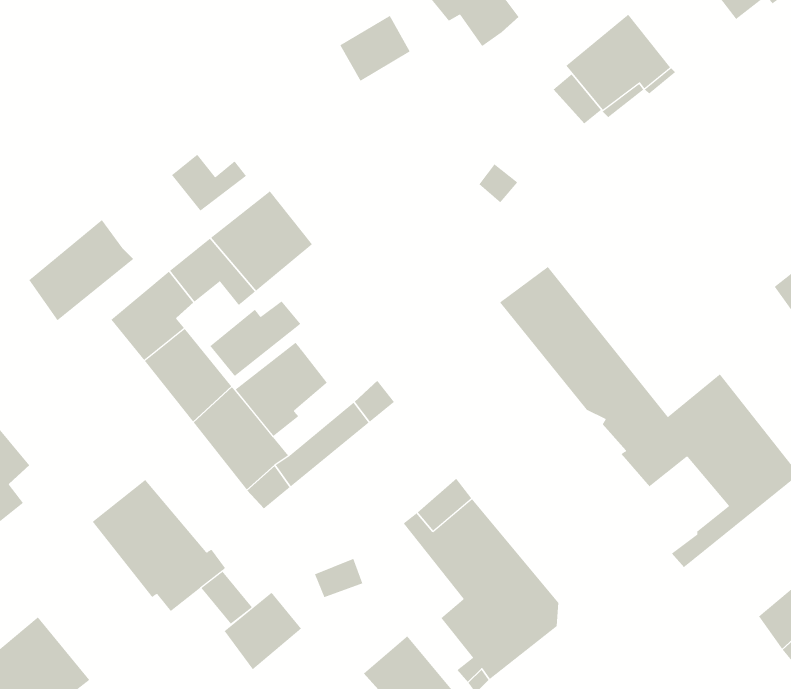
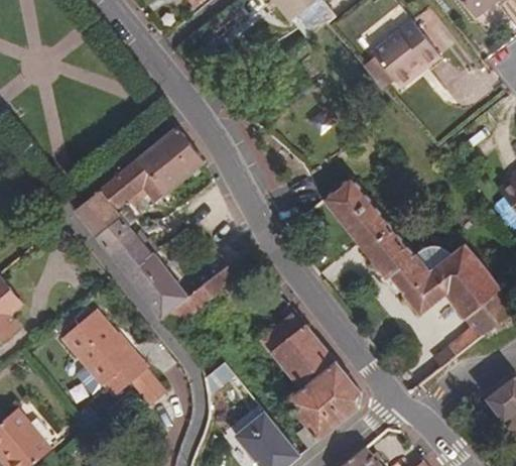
building: [171,154,247,211] -> none
building: [29,219,134,321] -> none
building: [209,300,301,377] -> none
building: [235,342,328,437] -> none
building: [224,592,302,670] -> none

